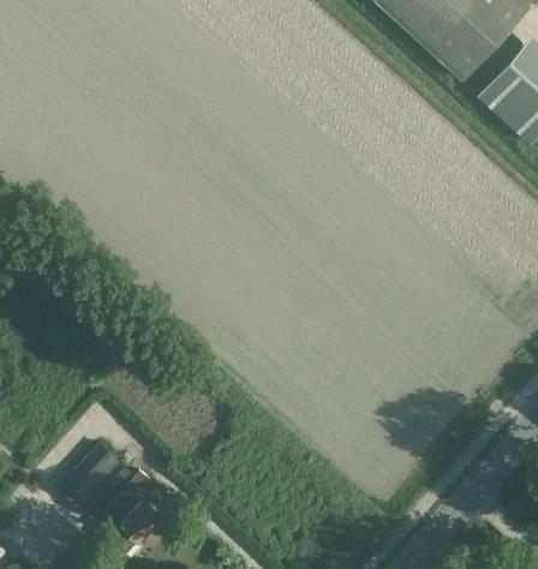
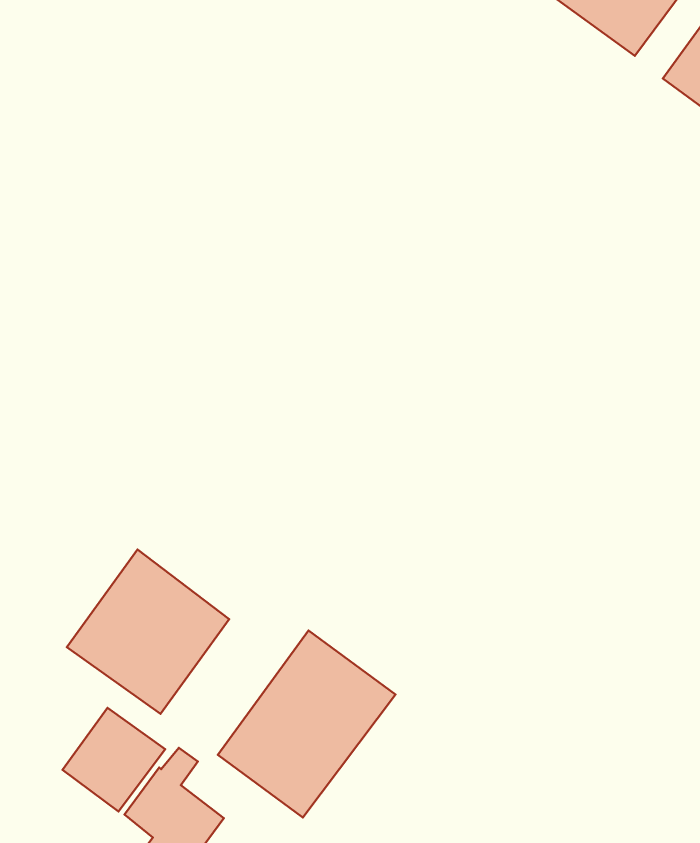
building: none -> [67,550,229,714]
building: none -> [218,630,396,818]

